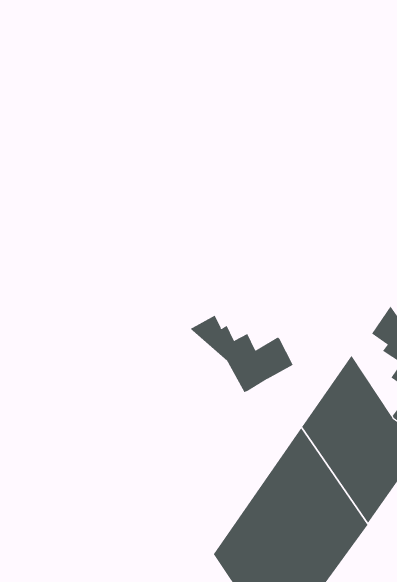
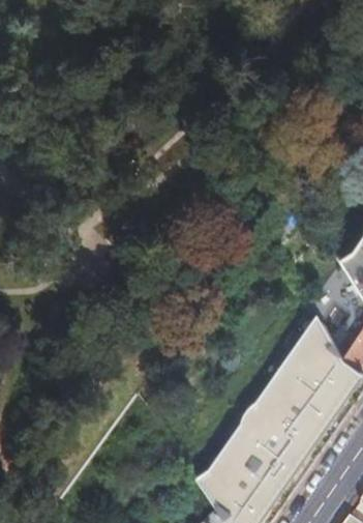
building: [189,315,294,393] -> none

